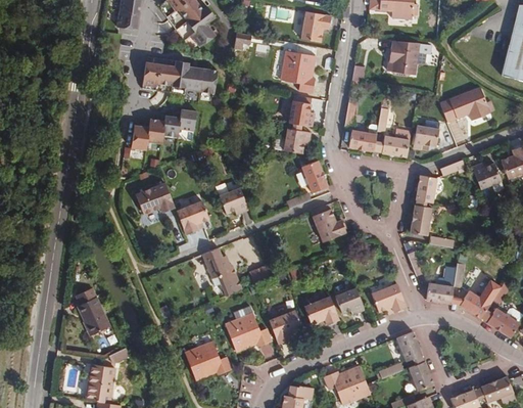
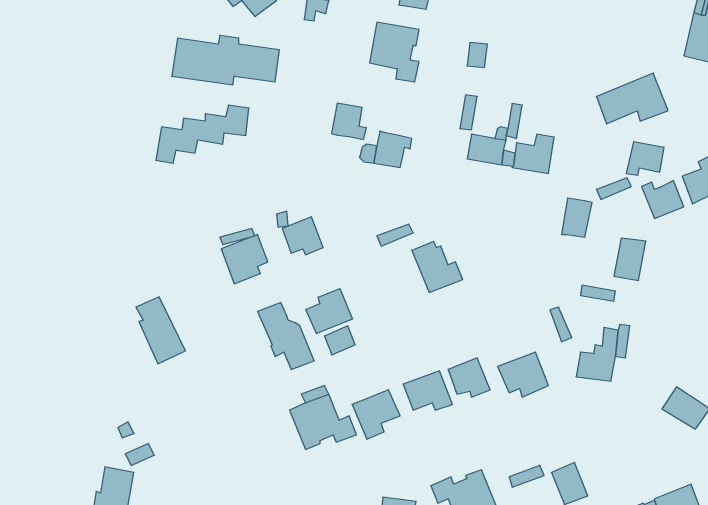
building: [390,43,419,75] -> none
building: [289,100,314,126] -> [331,103,366,139]
building: [413,125,439,148] -> [626,142,664,175]
building: [301,160,328,192] -> none
building: [136,181,175,213] -> none
building: [410,205,432,234] -> [614,238,646,280]
building: none -> [306,289,353,334]
building: [460,278,502,318] -> none
building: [76,287,110,334] -> [136,297,185,364]
building: [396,330,422,360] -> none
building: [185,341,232,379] -> none

